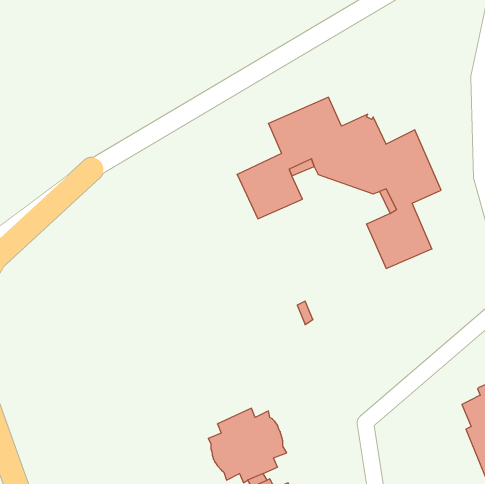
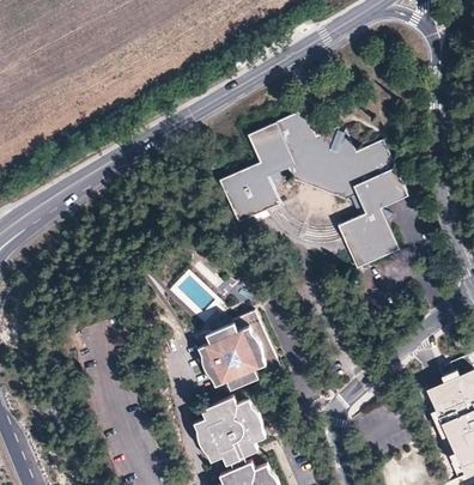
building: none -> [199,309,280,388]

